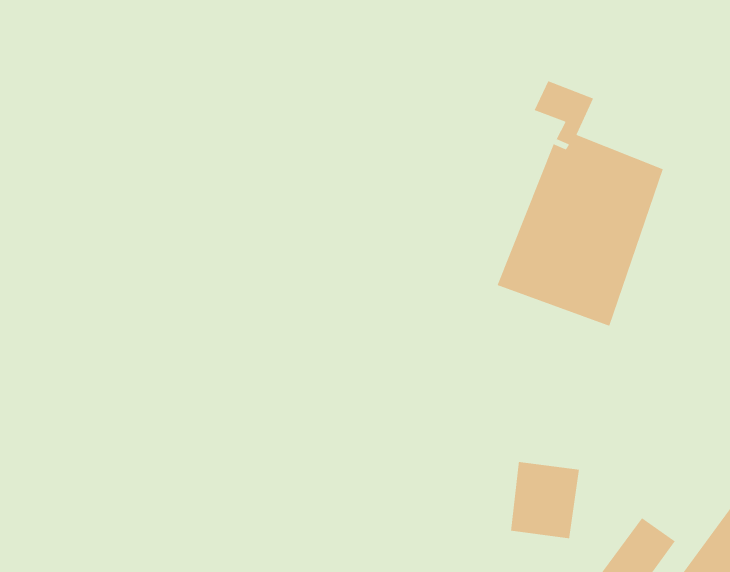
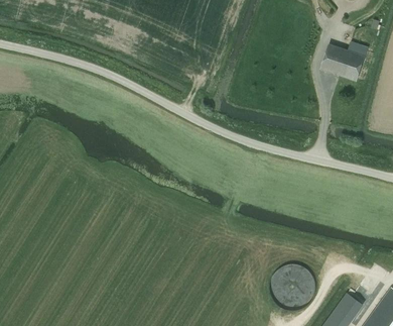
building: none -> [319,44,363,81]
building: [497,80,664,327] -> none

